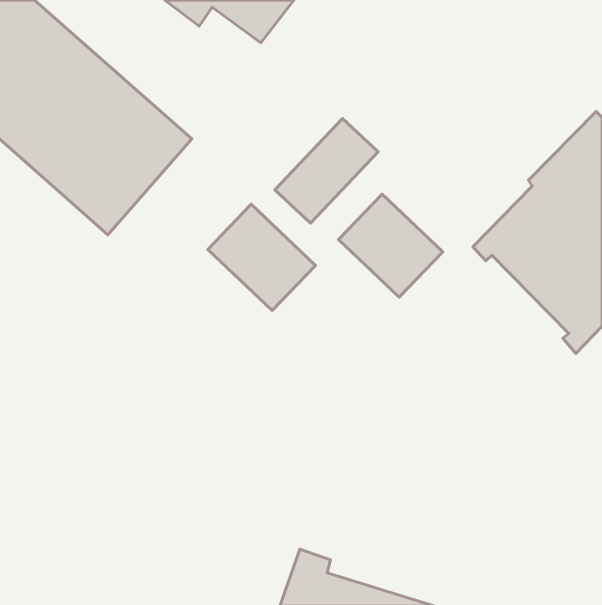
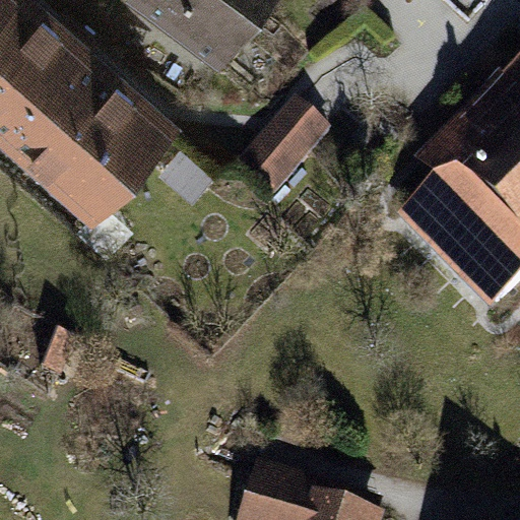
building: [339,194,443,297] -> none
building: [208,204,316,311] -> none

